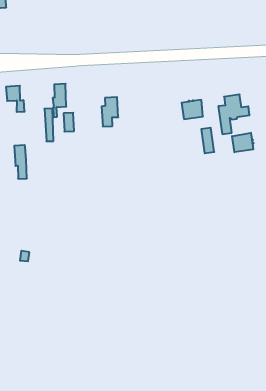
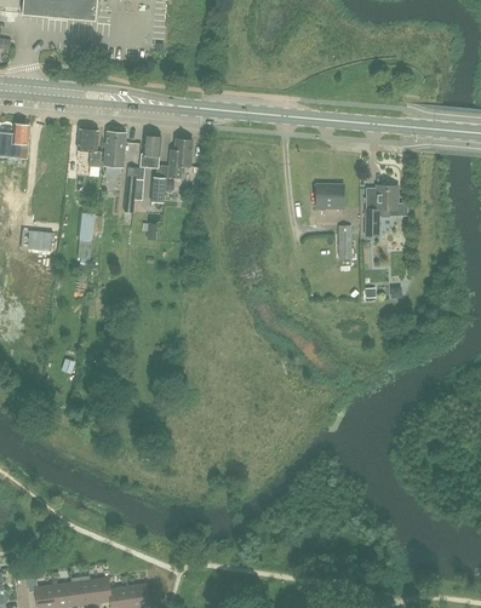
building: none -> [103,132,126,167]
building: [102,97,118,126] -> [167,138,193,178]
building: [232,133,253,152] -> none

